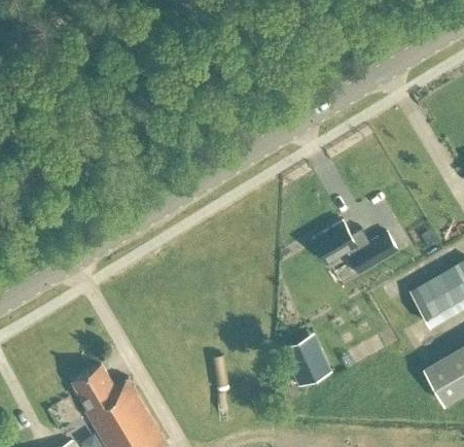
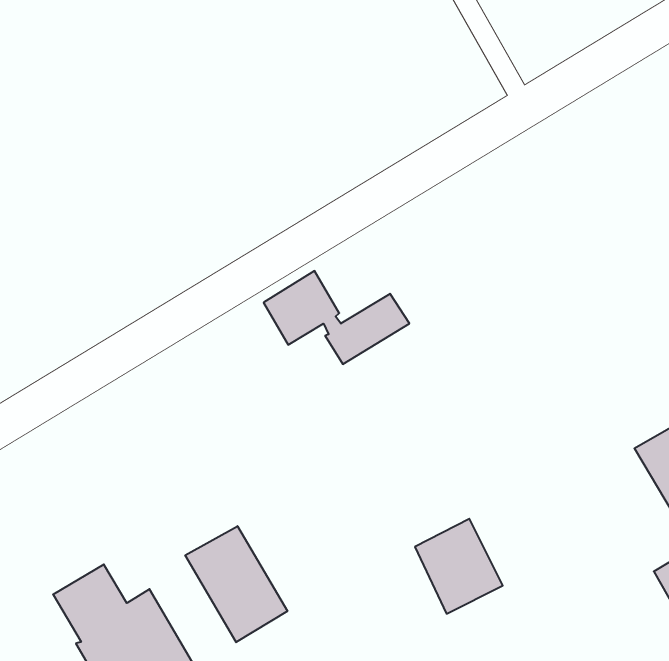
building: [312,220,397,275] -> [264,271,409,364]
building: none -> [185,526,287,642]

